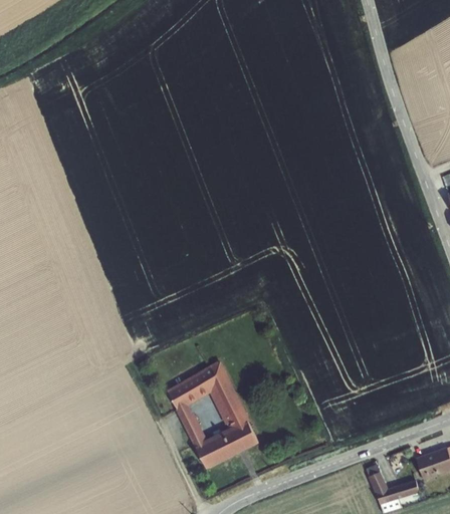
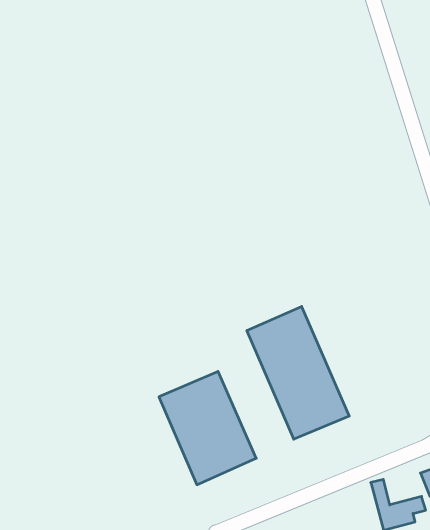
building: none -> [247,306,349,439]

